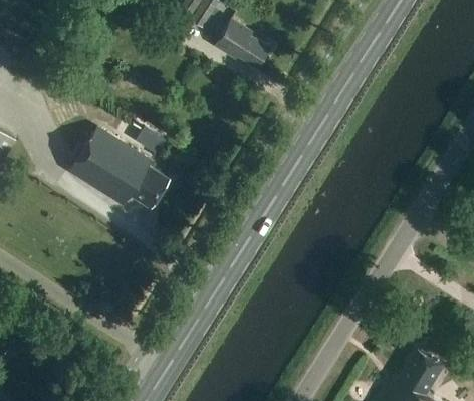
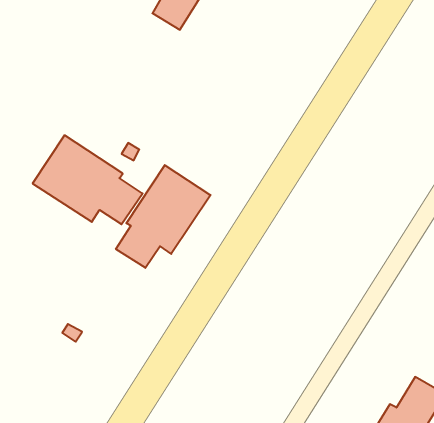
building: [216,19,270,66] -> none
building: none -> [116,165,211,268]

